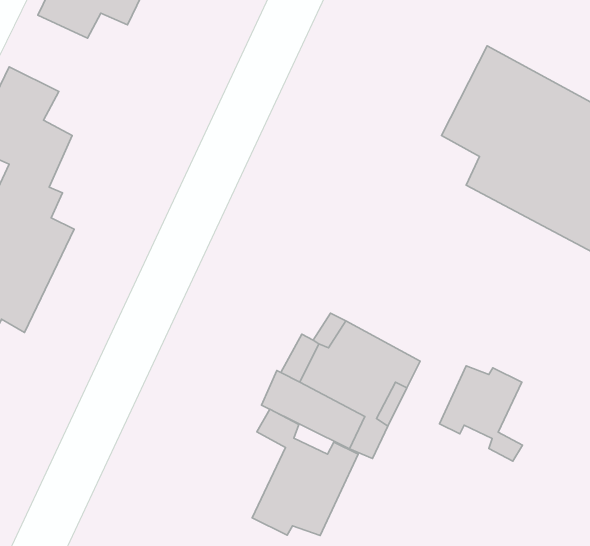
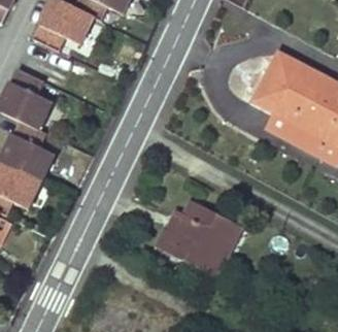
building: [440,366,522,461] -> none
building: [252,409,358,536] -> none

